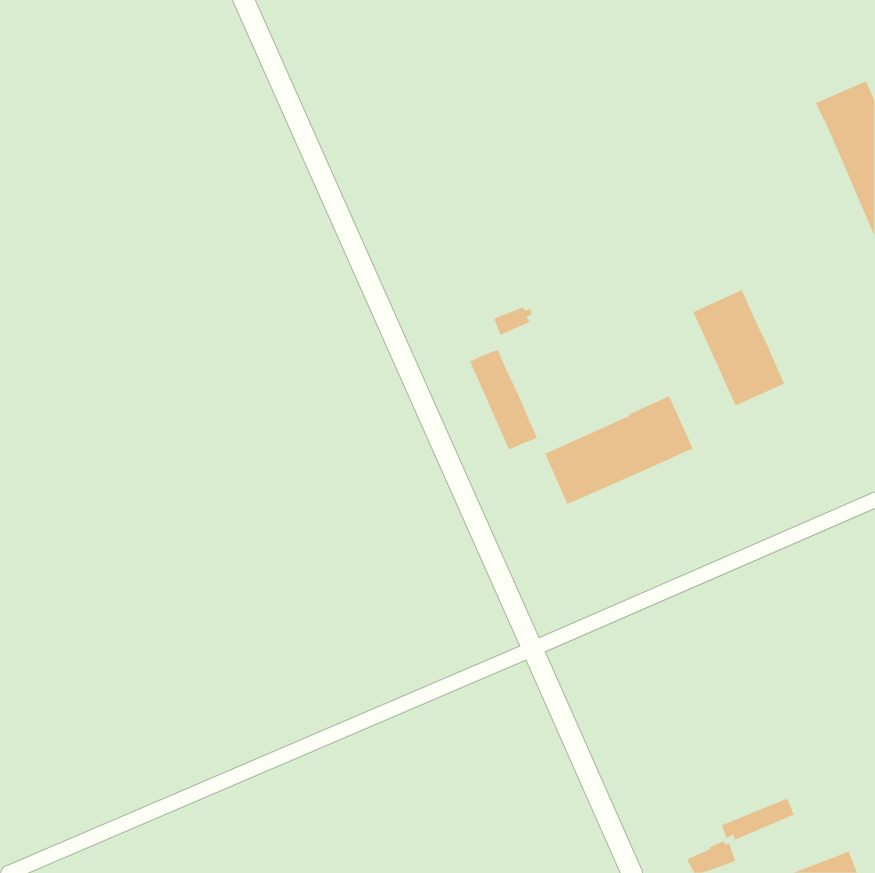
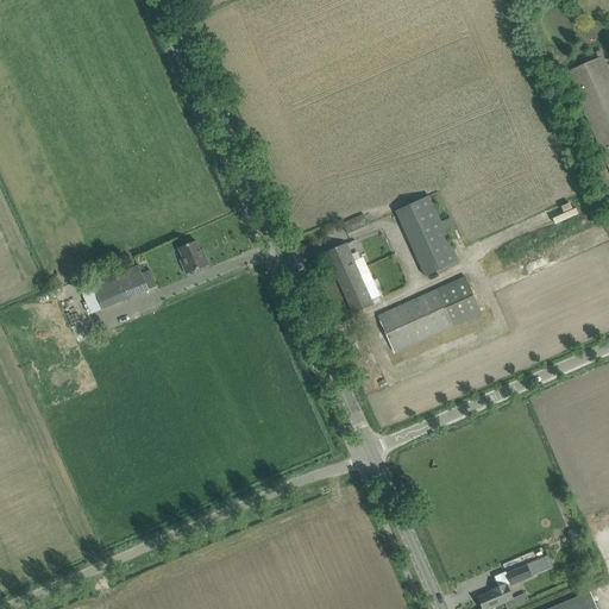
building: [693,290,785,406] -> [395,195,459,276]
building: none -> [178,240,209,274]
building: none -> [80,264,149,314]

